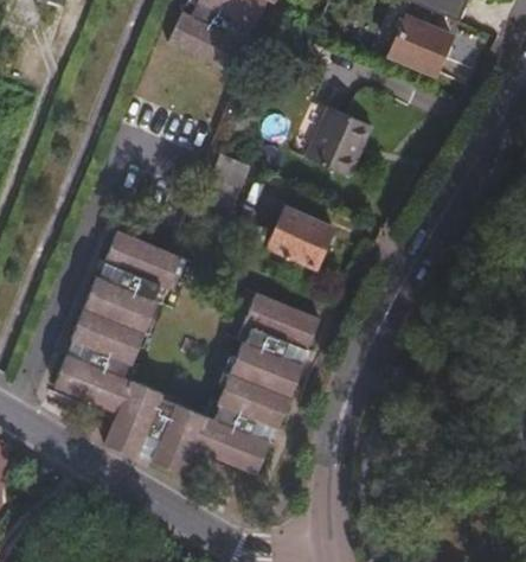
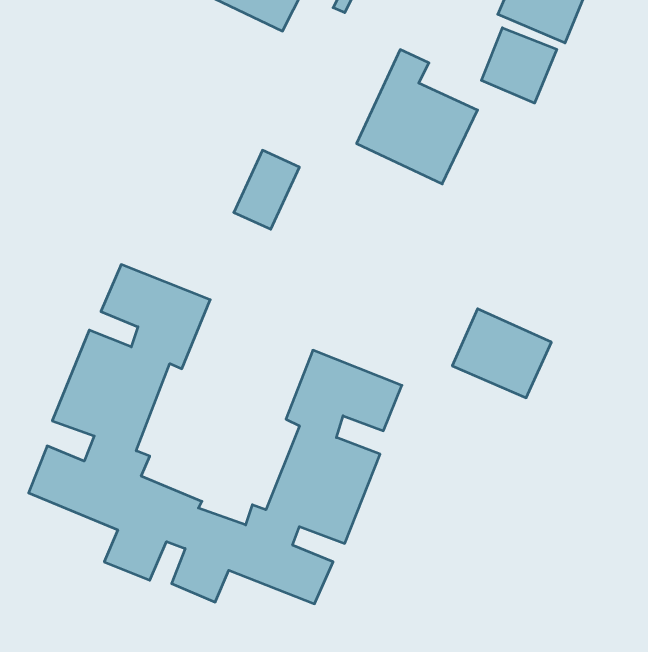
building: none -> [481,28,557,103]
building: [262,205,332,268] -> [452,309,551,398]

